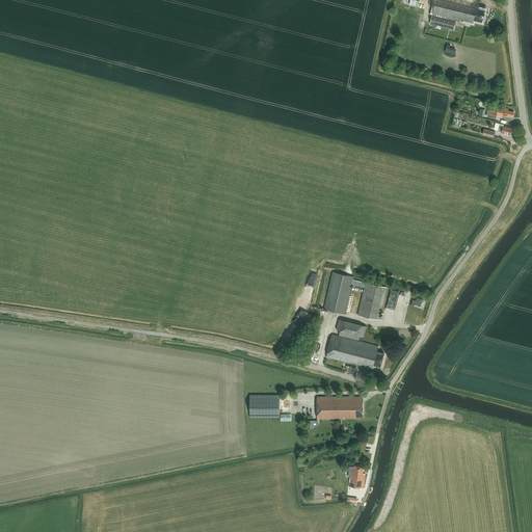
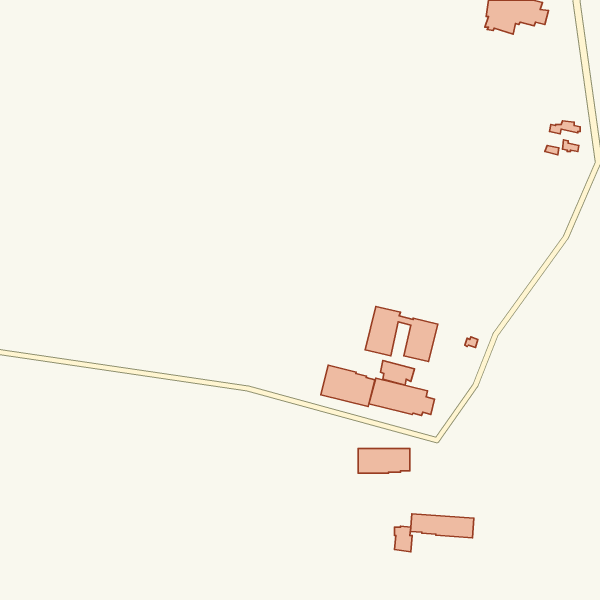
building: none -> [321,365,375,407]
building: [249,395,280,418] -> none
building: none -> [411,514,474,538]

